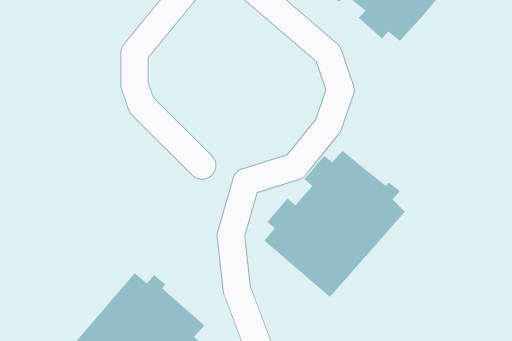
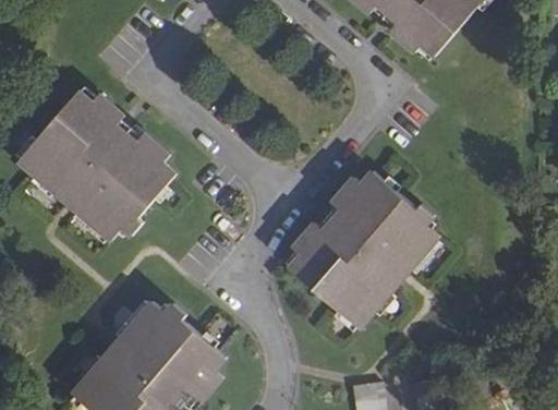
building: none -> [19,89,177,241]

